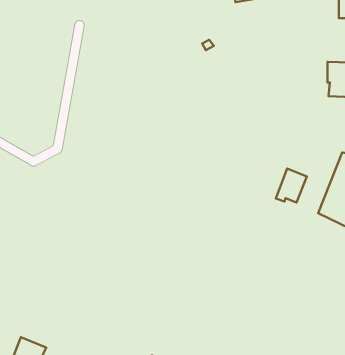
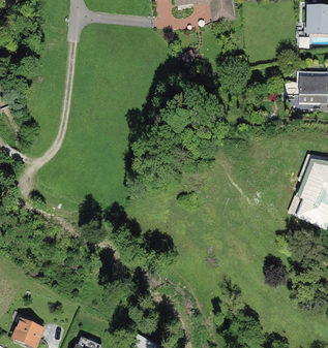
building: [276,169,307,203] -> none

